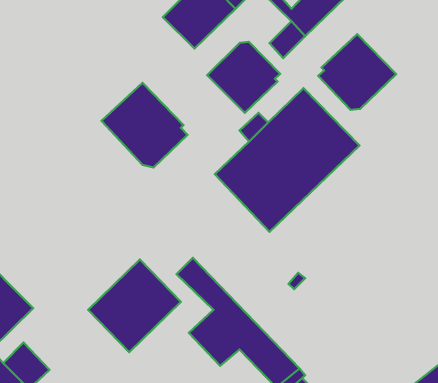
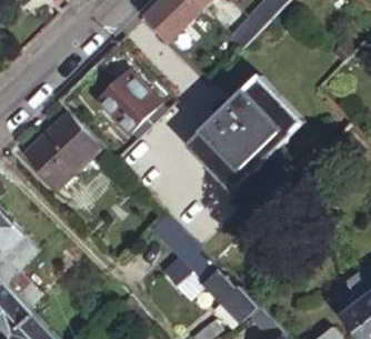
building: [318,34,396,110] -> none
building: [207,42,280,113] -> none
building: [88,259,181,352] -> [23,112,99,188]

